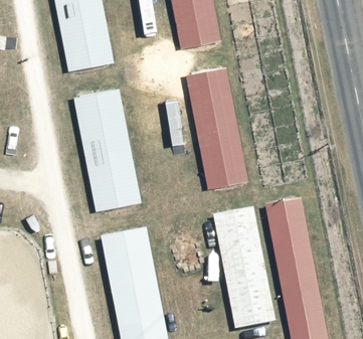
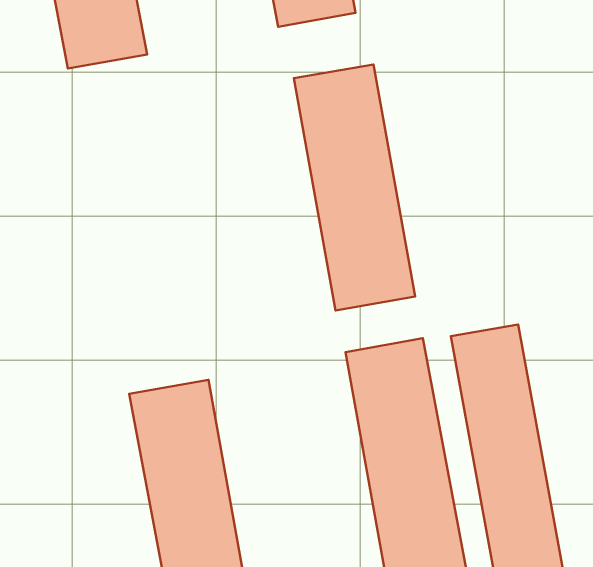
building: [77,88,139,213] -> none

